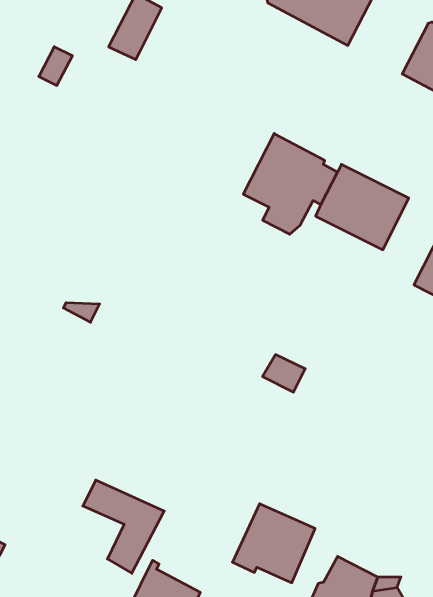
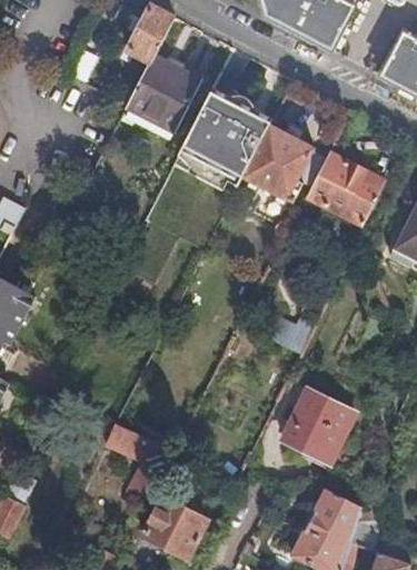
building: none -> [126,55,201,131]
building: none -> [182,88,274,177]
building: [232,504,315,583] -> [278,393,349,461]

